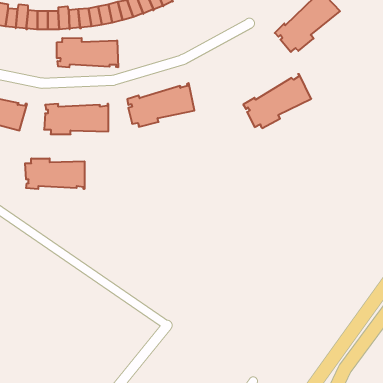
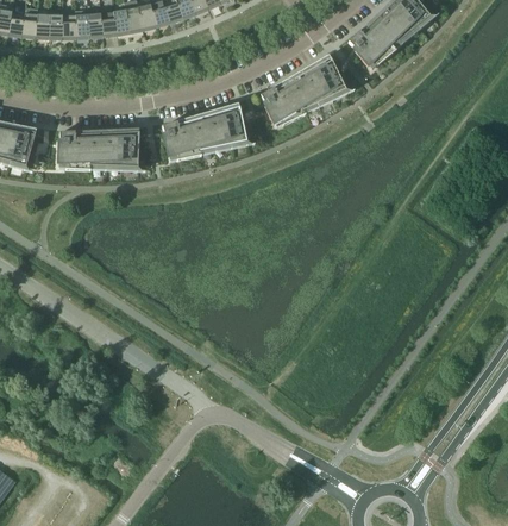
building: [57,38,118,67] -> none
building: [243,74,311,128] -> [261,57,346,125]
building: [25,158,84,189] -> none

